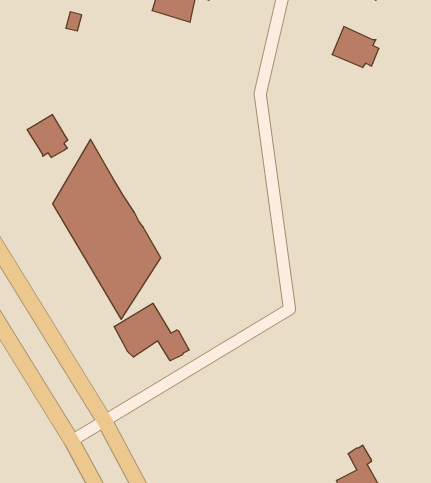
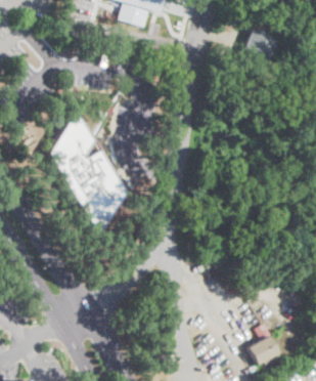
building: [27,115,68,158] -> none
building: [114,303,189,361] -> none

